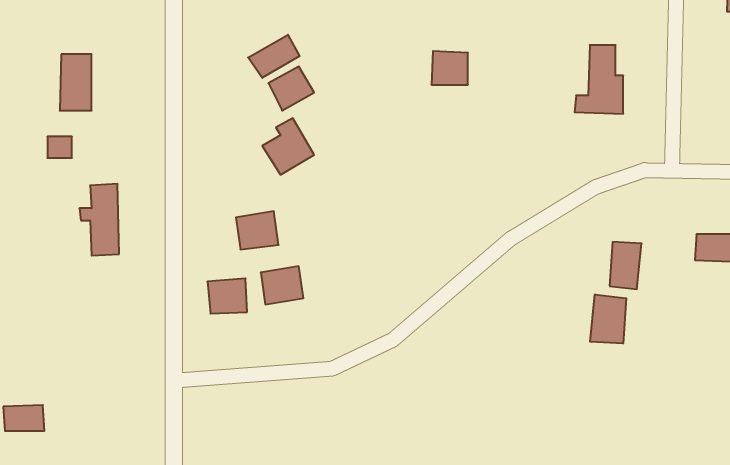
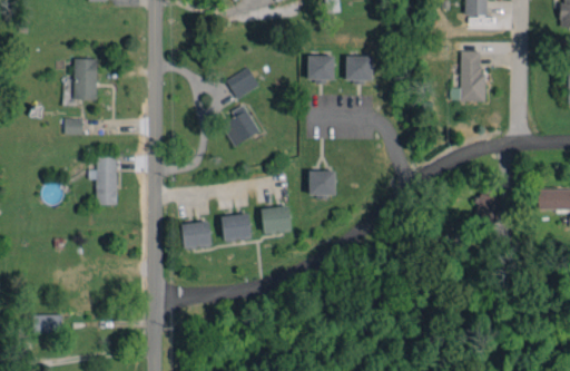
building: [248,35,300,78] -> none
building: none -> [307,57,334,81]
building: none -> [308,172,335,196]
building: [236,211,279,249] -> [261,206,292,234]
building: [590,294,626,344] -> none

